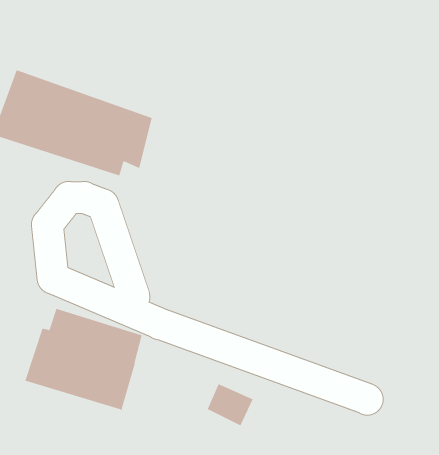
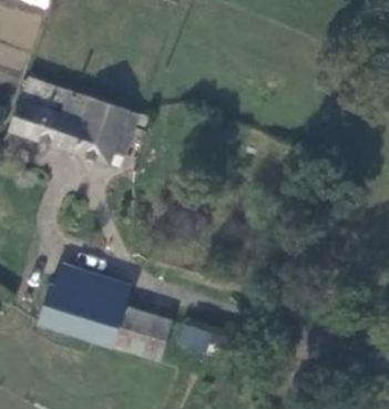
building: none -> [114,305,173,356]

